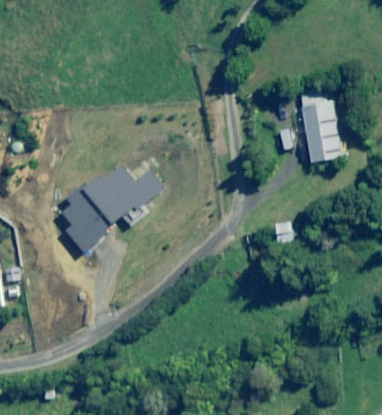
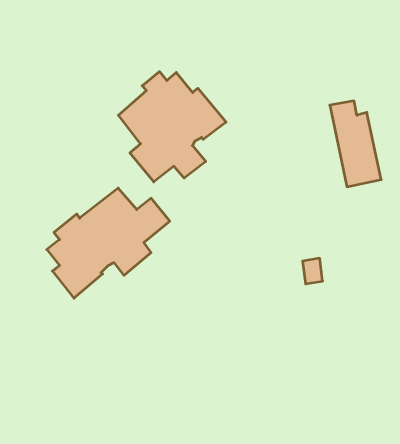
building: none -> [118,72,226,182]

